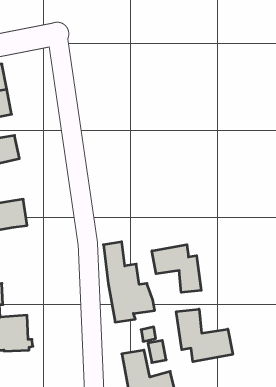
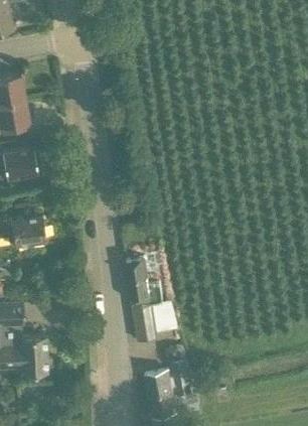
building: [152,245,201,292] -> none
building: [176,309,233,362] -> none

